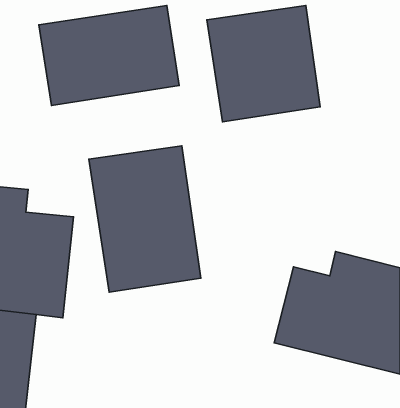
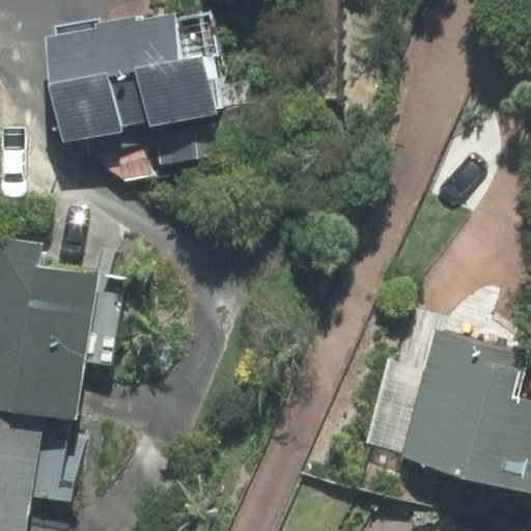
building: [207,5,320,122] -> none
building: [89,146,201,292] -> none

